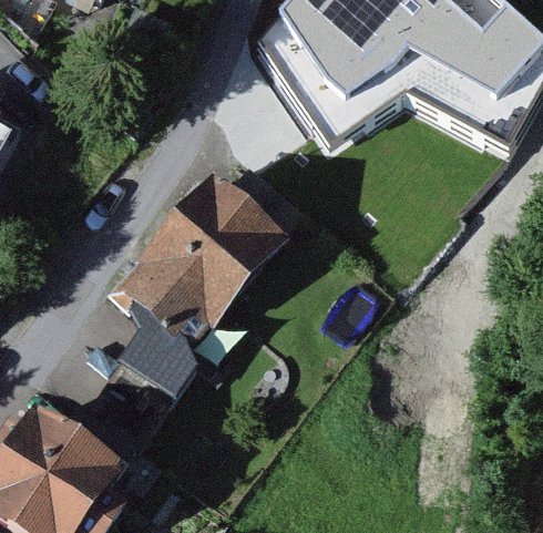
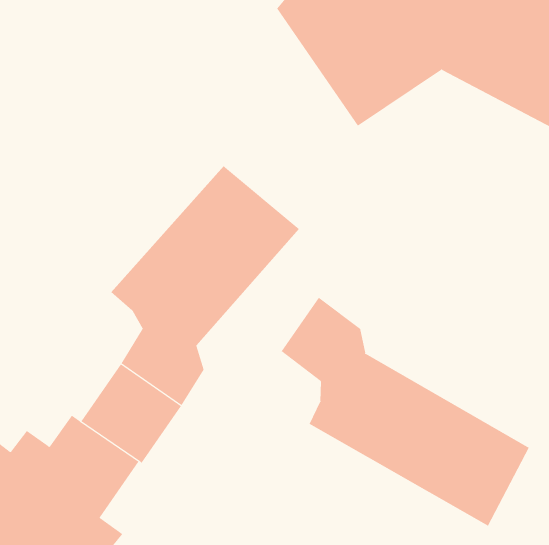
building: none -> [281,297,530,526]

